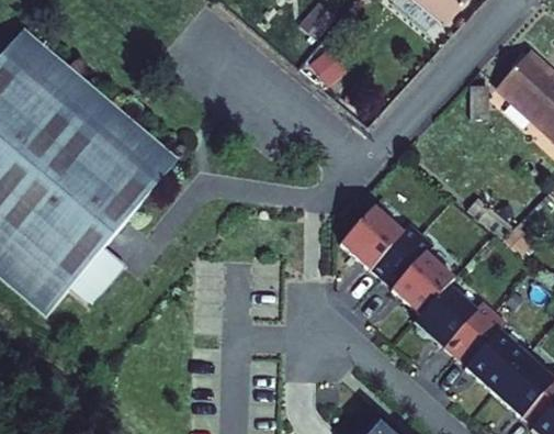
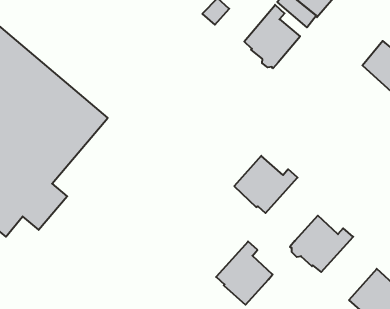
building: none -> [244,5,300,68]
building: [382,235,455,318] -> [216,241,273,305]
building: [454,312,527,394] -> none

